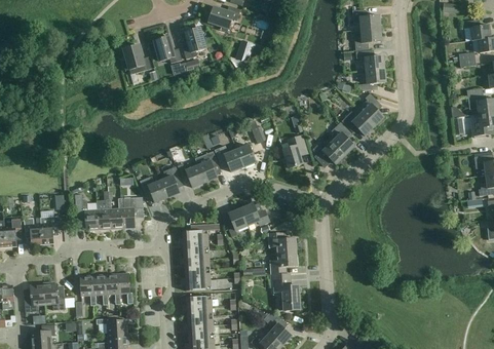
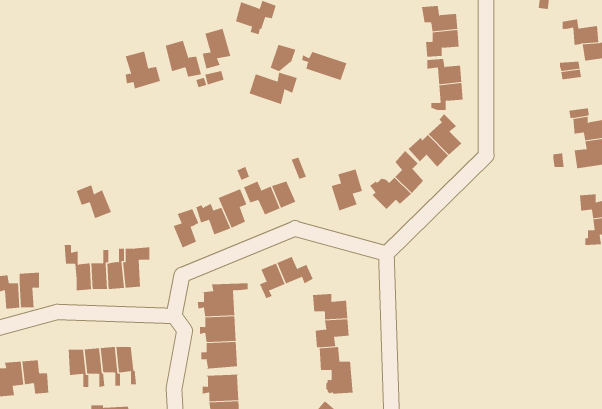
building: none -> [301,51,347,81]
building: none -> [249,72,298,105]
building: [140,176,167,202] -> [76,184,112,219]

